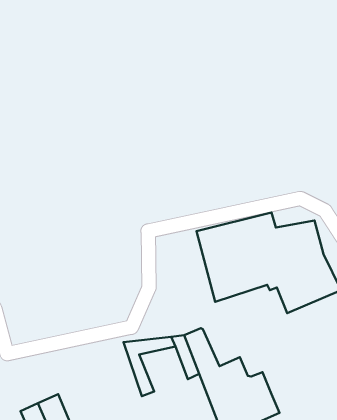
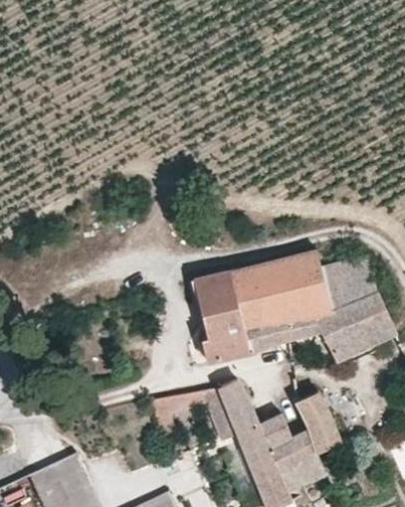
building: none -> [196,270,253,360]
building: none -> [296,395,339,456]

